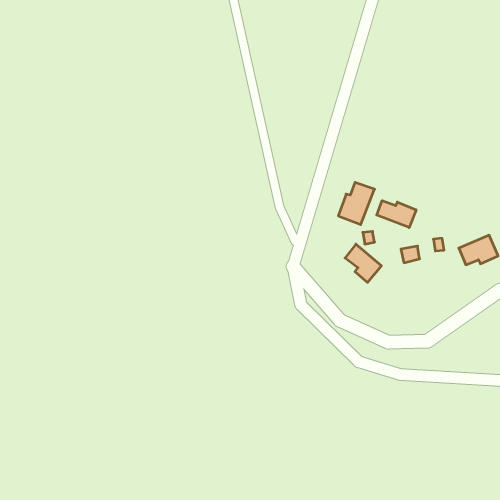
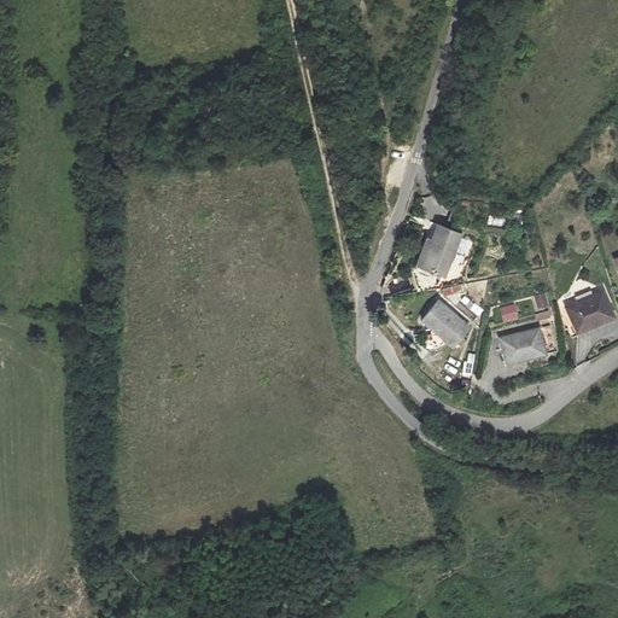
building: [377,201,416,228] -> none
building: none -> [500,328,544,365]

